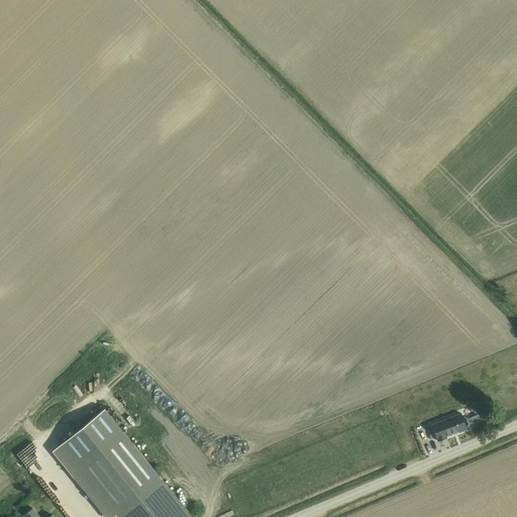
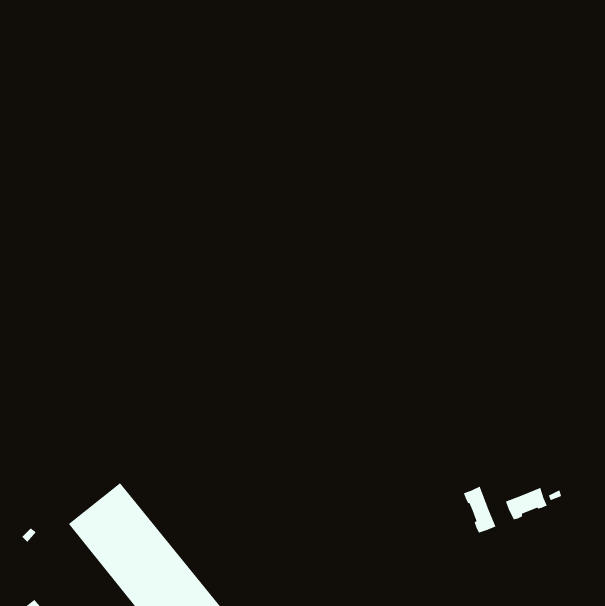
building: none -> [463,485,497,533]

